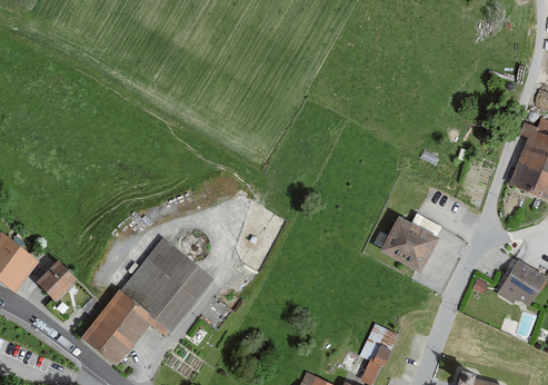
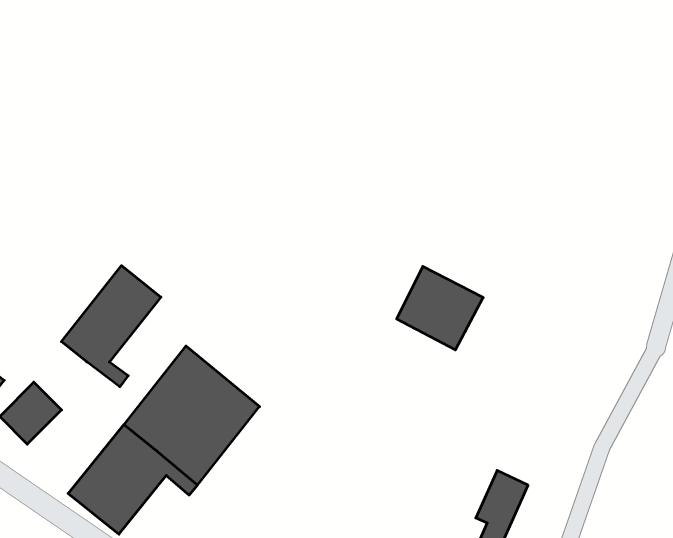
building: none -> [61,266,161,387]
building: [382,216,441,273] -> [397,266,483,350]

